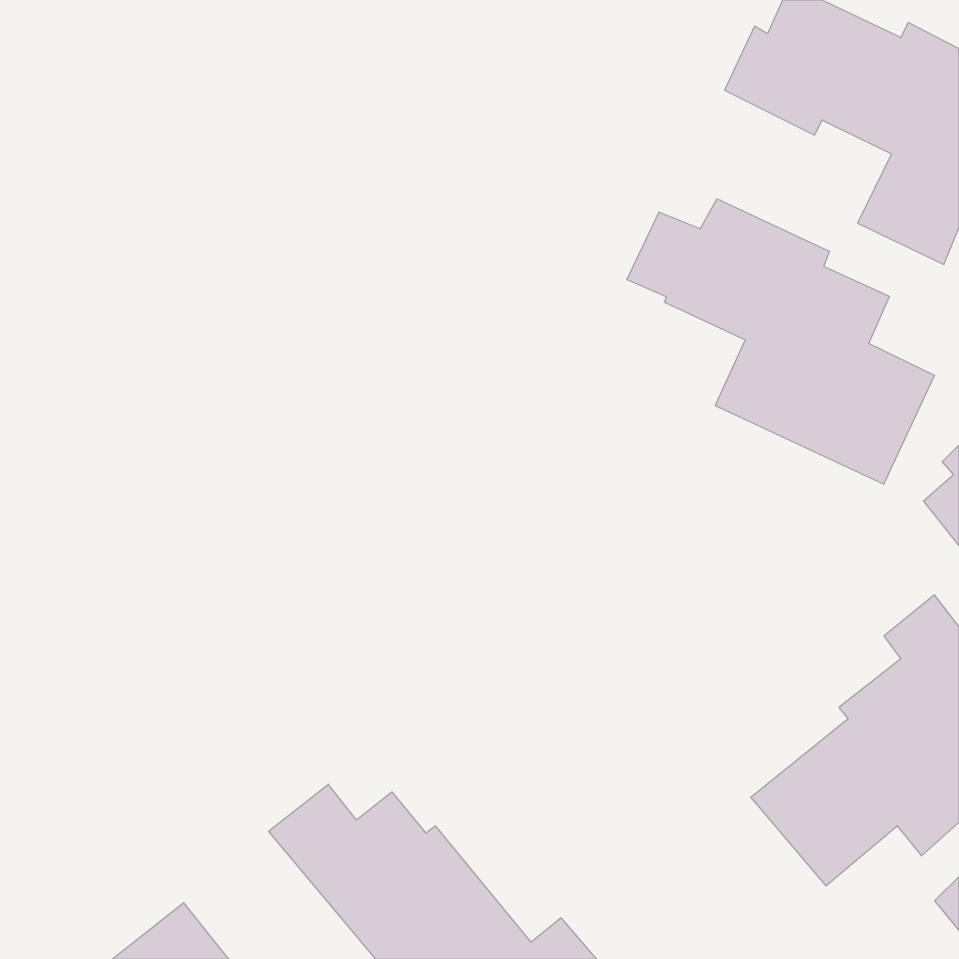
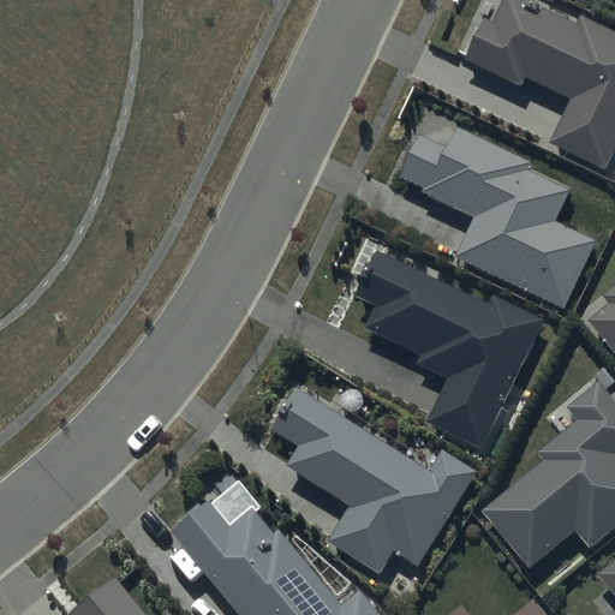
building: none -> [357,251,544,450]
building: none -> [273,387,479,575]

